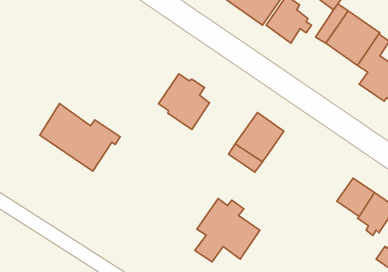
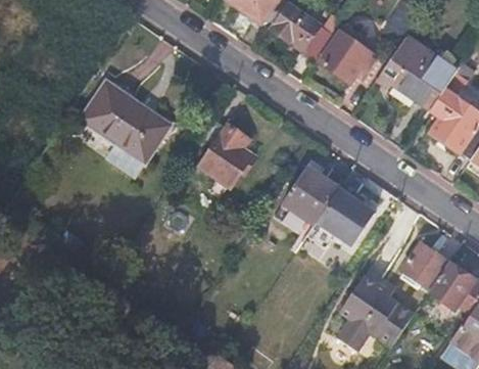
building: [40,104,120,171] -> [83,82,179,163]
building: none -> [316,188,376,246]
building: [195,199,260,262] -> [336,276,414,352]

